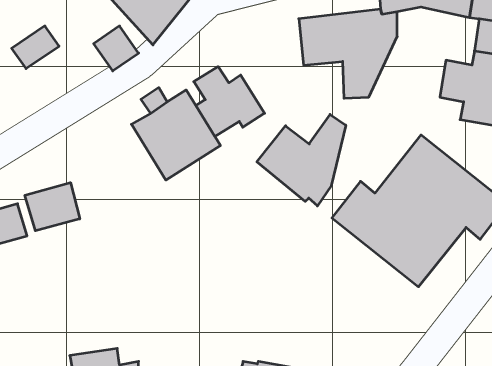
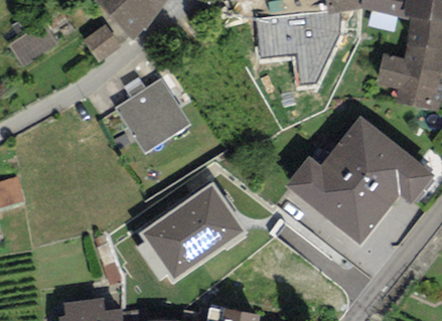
building: [194,67,265,137] -> none
building: [257,114,346,206] -> none
building: [25,183,80,231] -> none
building: none -> [137,182,248,284]

